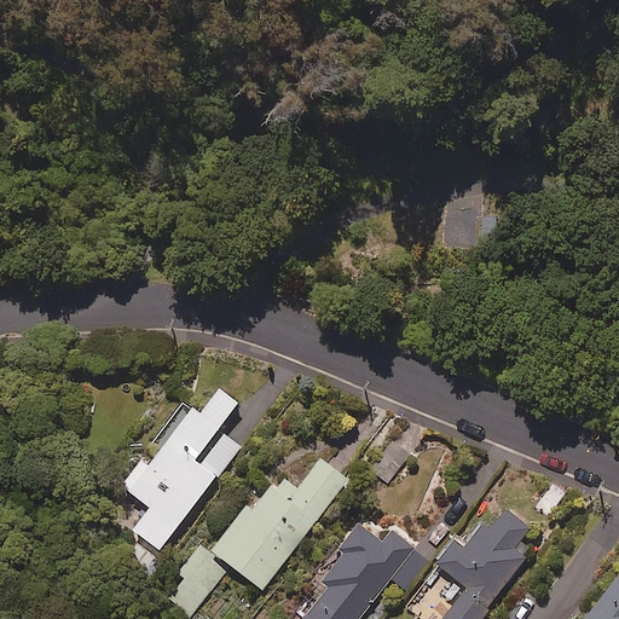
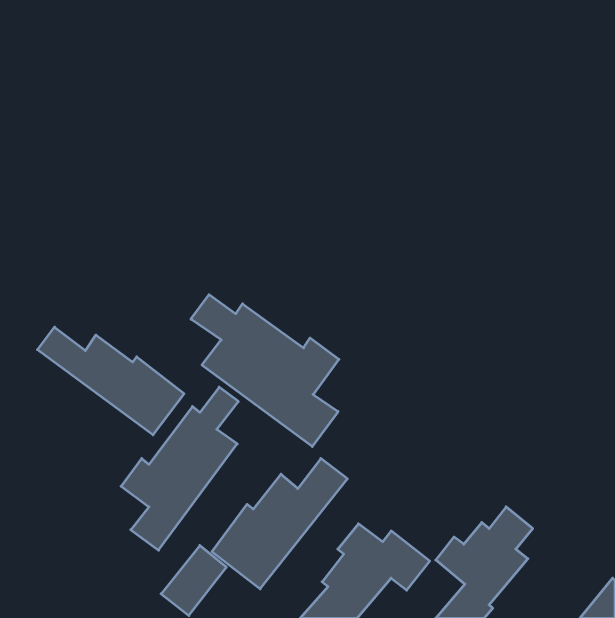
building: none -> [191,295,339,447]
building: none -> [37,327,184,435]

